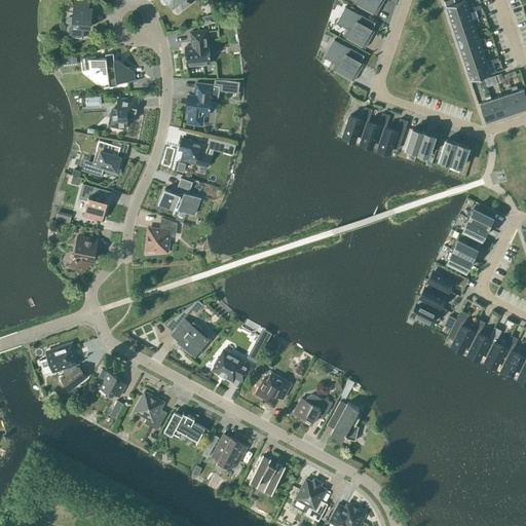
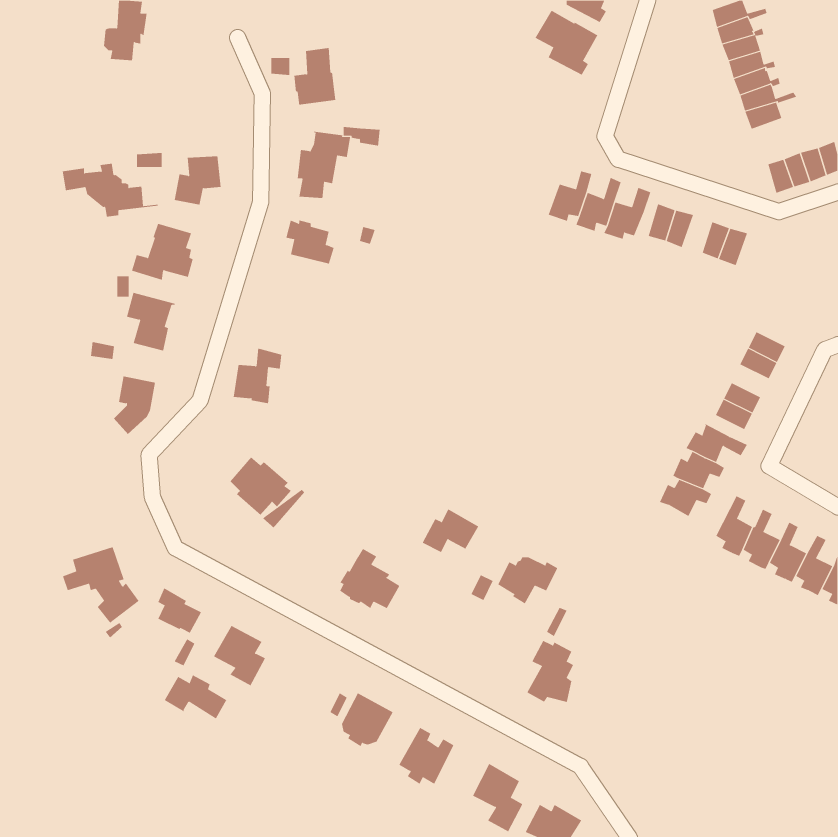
building: [325,40,364,81] -> none
building: [81,53,142,87] -> [62,163,159,217]
building: [158,179,200,216] -> none
building: [172,320,211,356] -> [229,456,292,516]
building: [255,373,291,401] -> [422,509,479,553]
building: [294,396,332,425] -> [497,557,558,604]
building: [164,413,209,444] -> [163,674,233,724]

